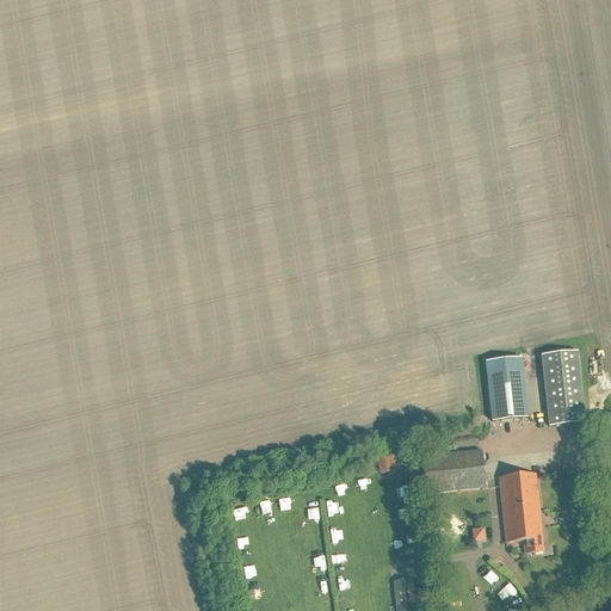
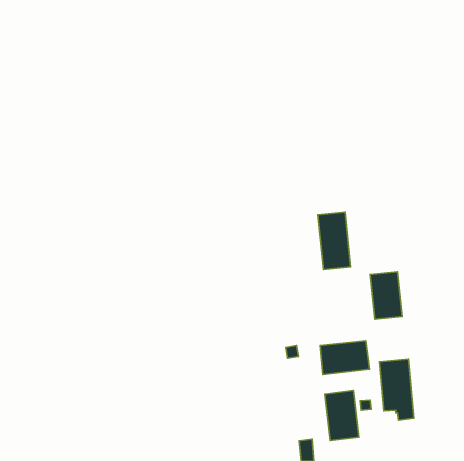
building: [541,348,584,424] -> [318,212,351,269]
building: none -> [325,391,359,440]

